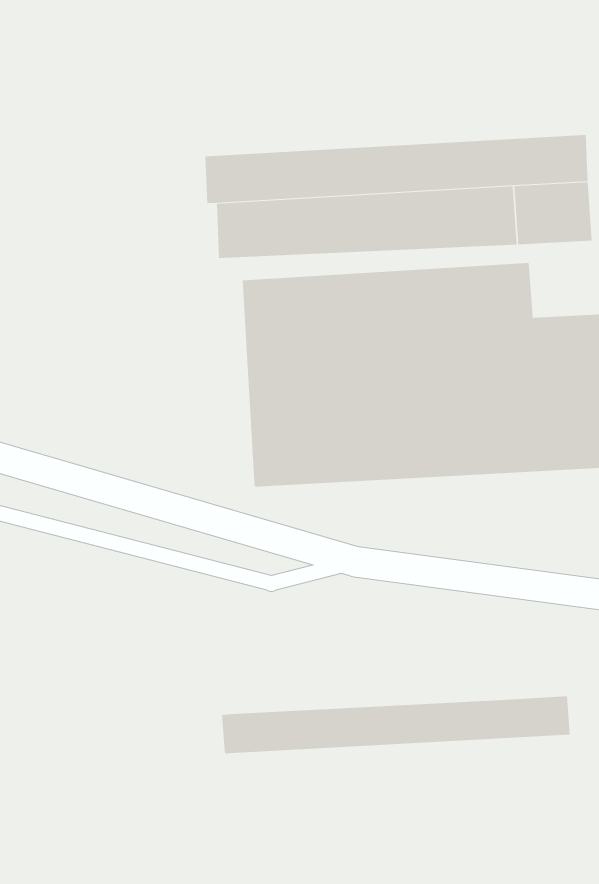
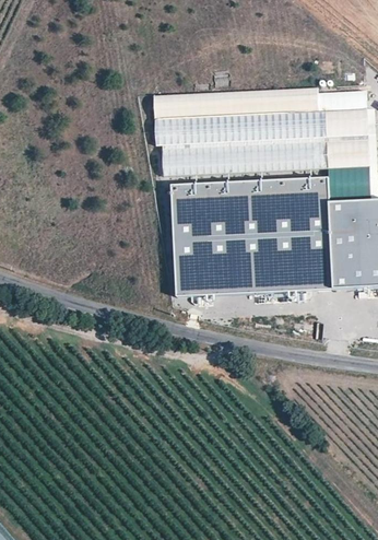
building: none -> [147,82,361,115]
building: [222,696,570,754] -> none

